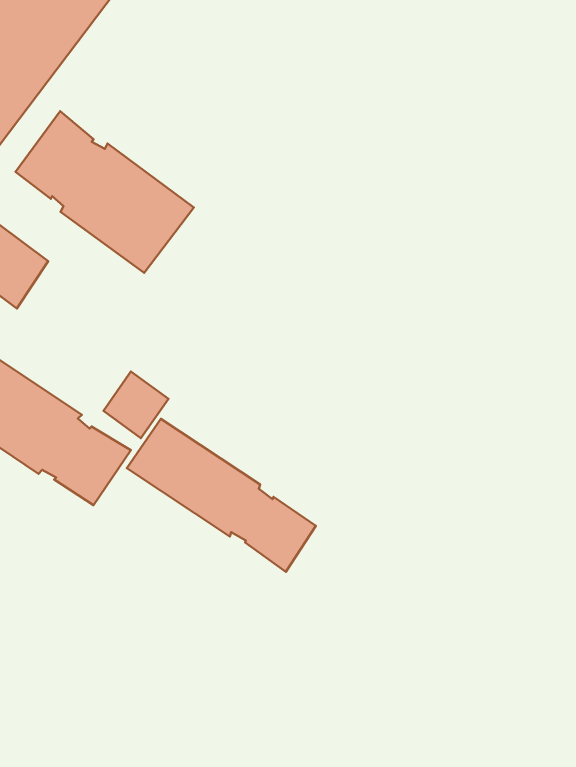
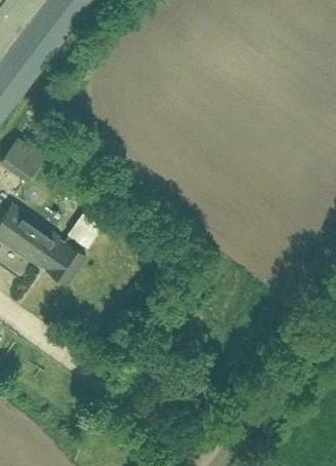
building: [15,111,194,273] -> none
building: [127,419,316,572] -> none

